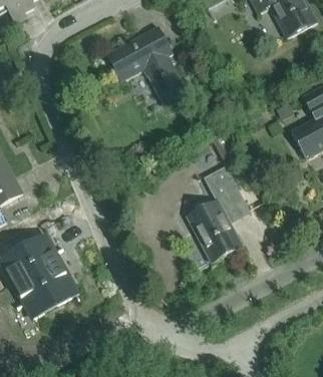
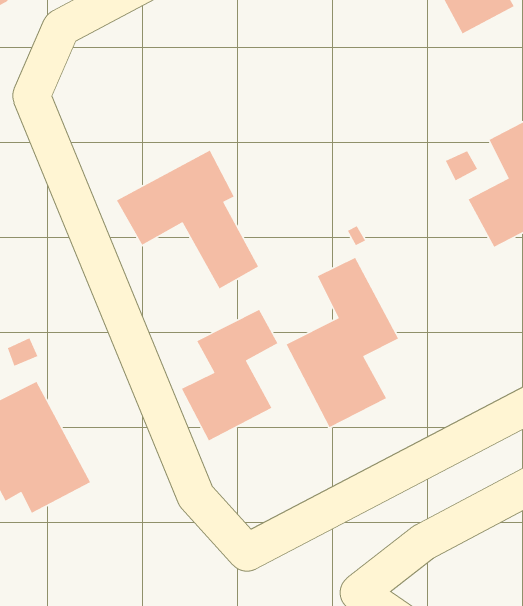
building: [104,25,187,105] -> [116,150,259,290]
building: none -> [181,309,278,442]

